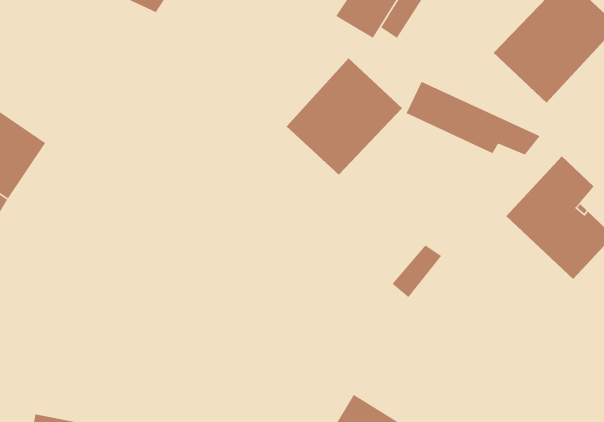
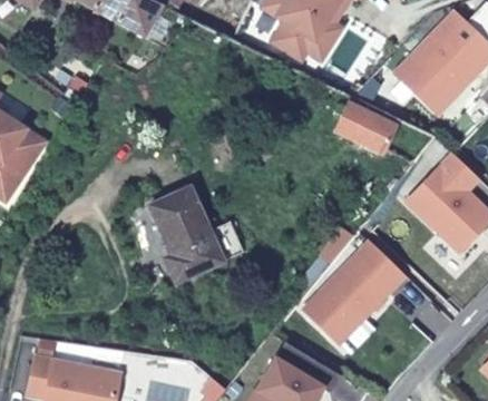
building: [286,58,403,176] -> none
building: none -> [149,187,224,283]
building: none -> [305,242,406,343]

